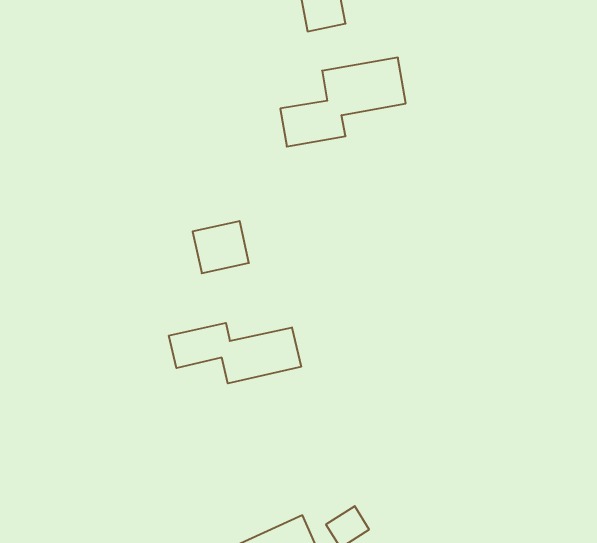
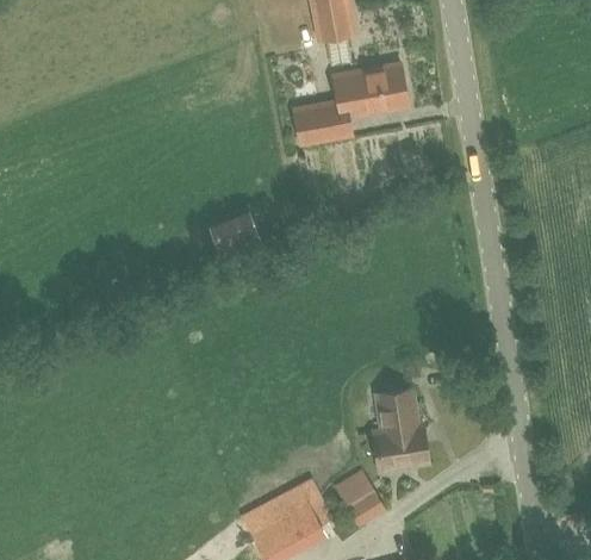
building: [169,323,301,383] -> none
building: none -> [373,390,428,471]

